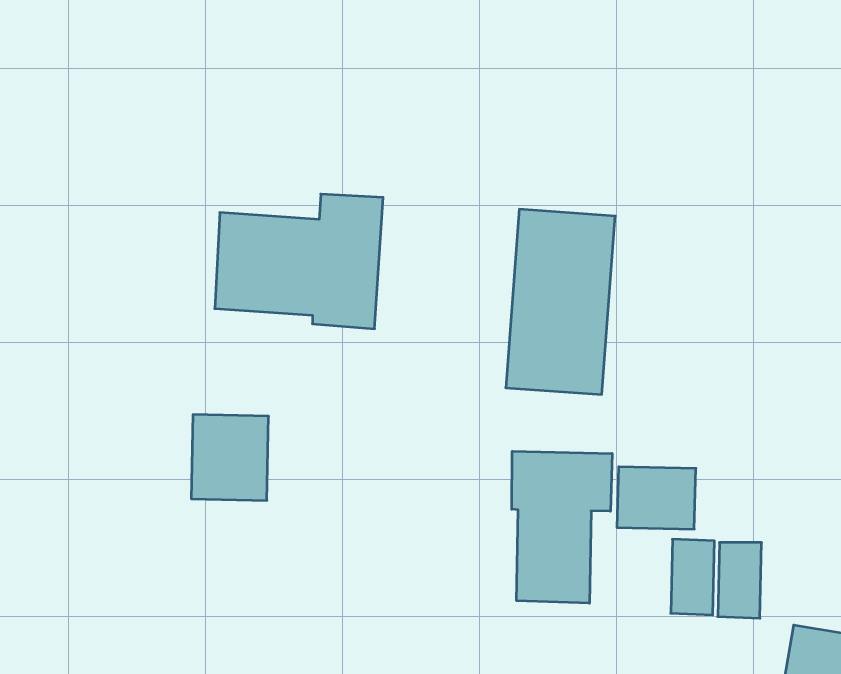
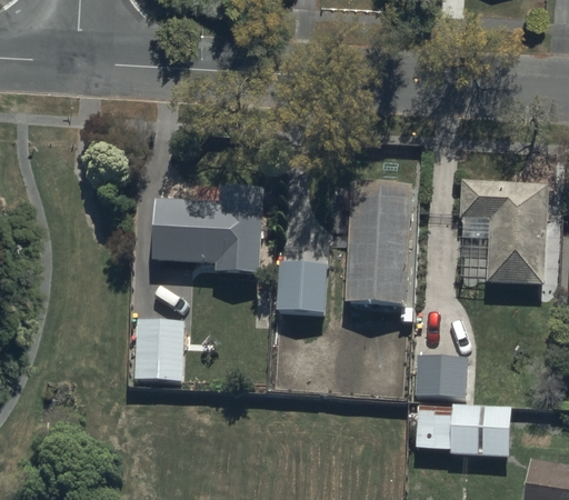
building: none -> [457,174,547,280]
building: none -> [278,269,330,320]
building: [512,451,612,603] -> none

